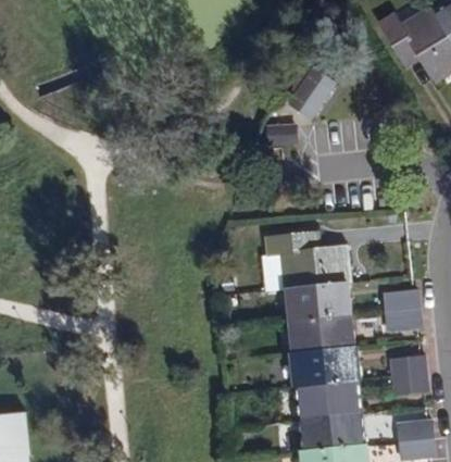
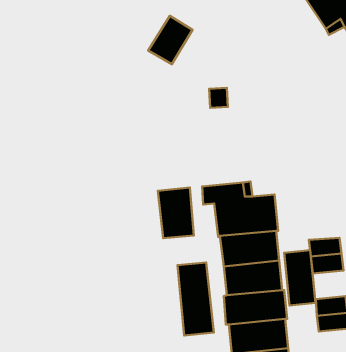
building: [285,70,334,123] -> [148,16,193,64]
building: none -> [158,188,194,238]
building: none -> [284,250,315,306]
building: none -> [177,262,214,336]

